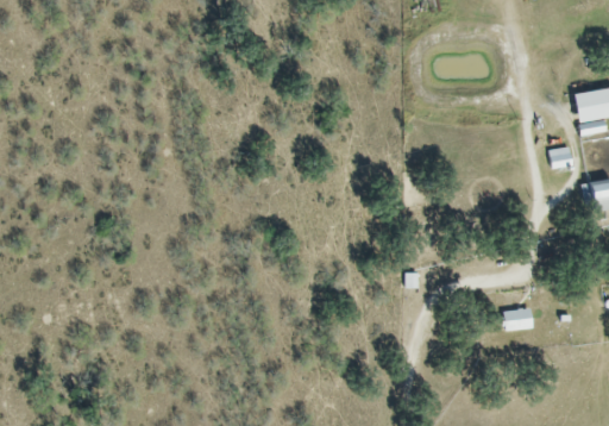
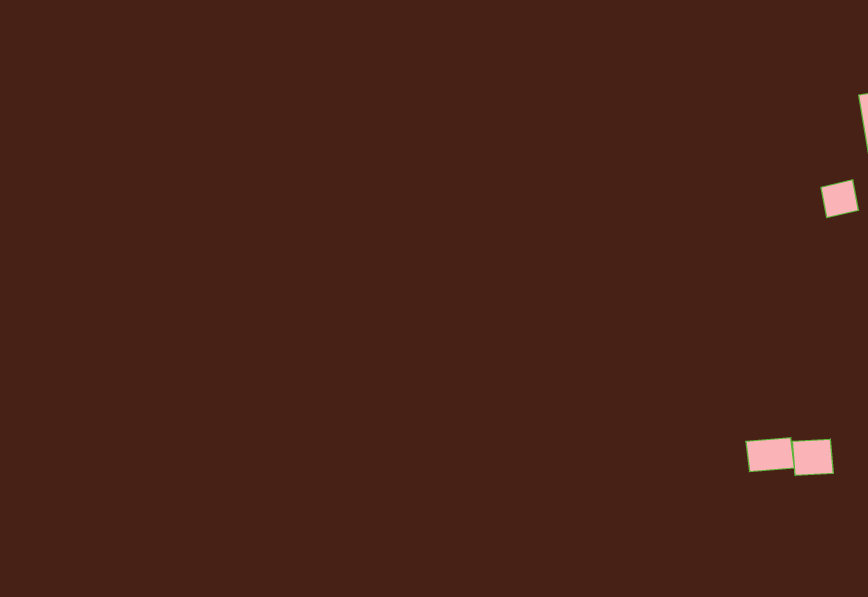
building: none -> [792,439,833,476]

